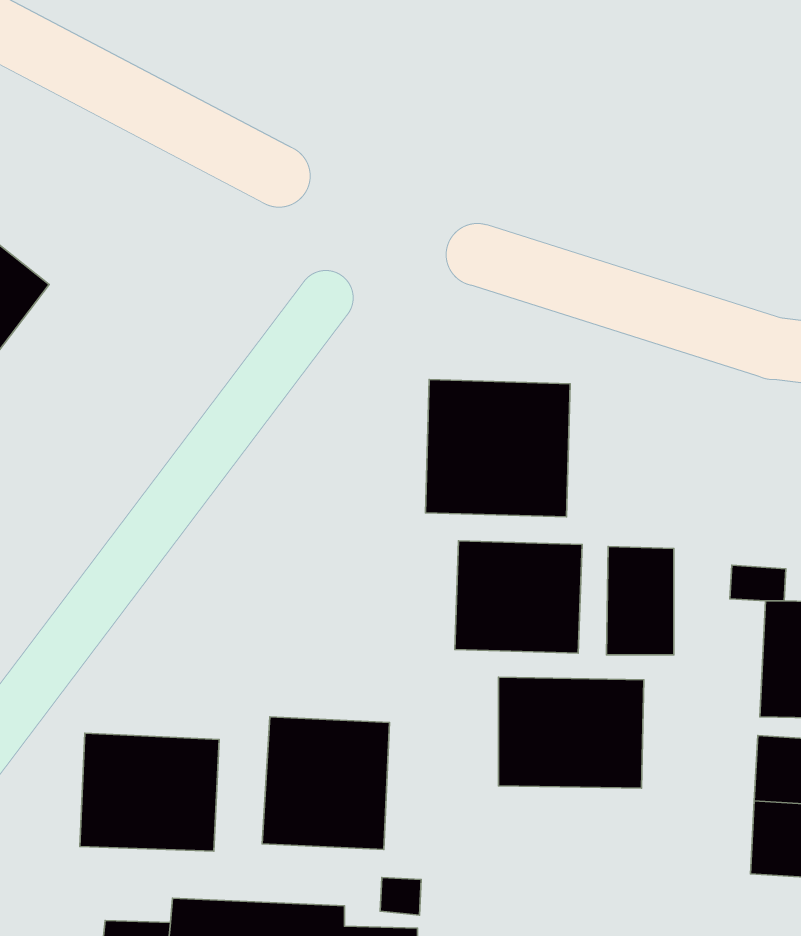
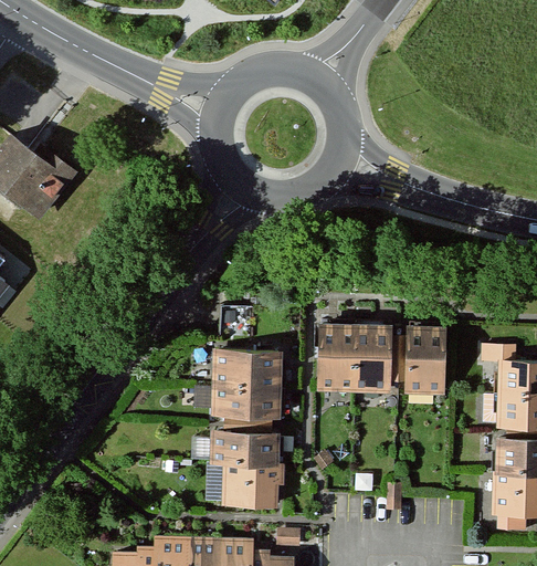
building: [426,379,570,517] -> none
building: none -> [210,349,282,420]
building: [499,677,644,788] -> none
building: [80,733,219,851] -> none

